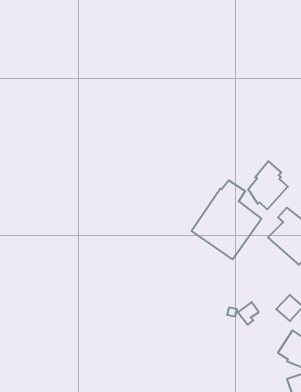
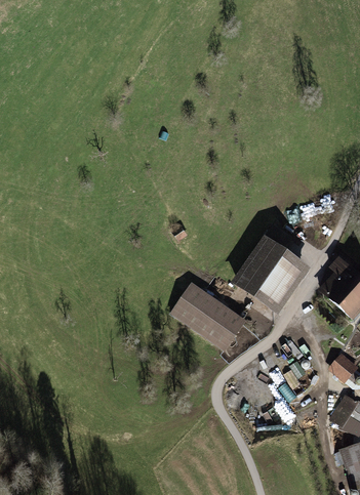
building: [248,161,288,209] -> none
building: none -> [171,282,246,352]

